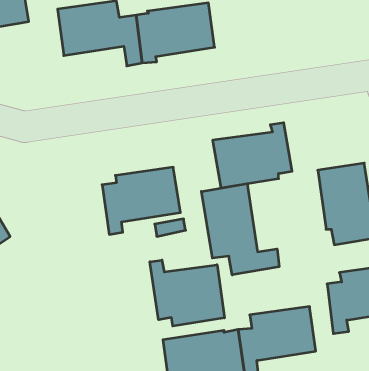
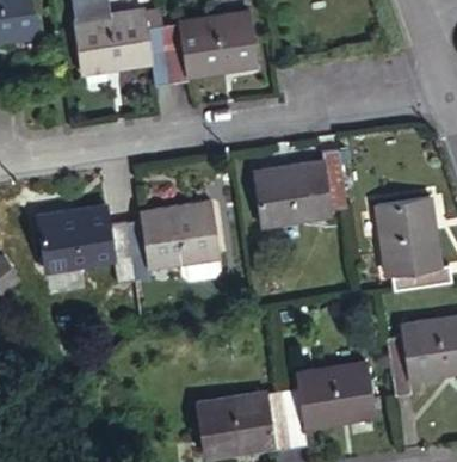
building: none -> [38,207,135,283]
building: [201,184,279,275] -> none
building: [150,260,224,326] -> none

